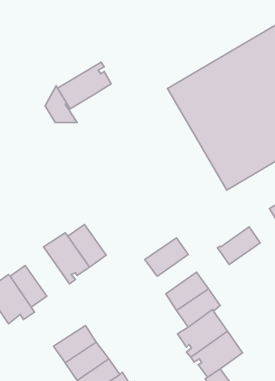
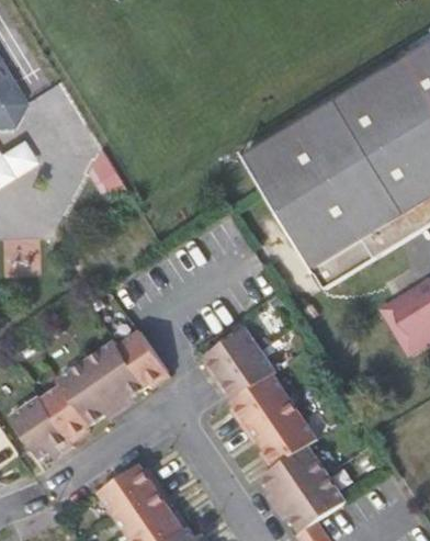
building: [58,62,111,109] -> none
building: none -> [202,325,259,375]
building: [217,227,260,264] -> [229,371,285,420]
building: none -> [57,359,118,424]

